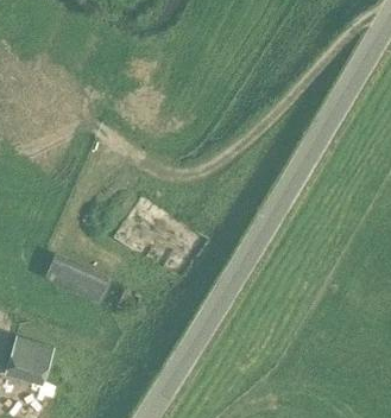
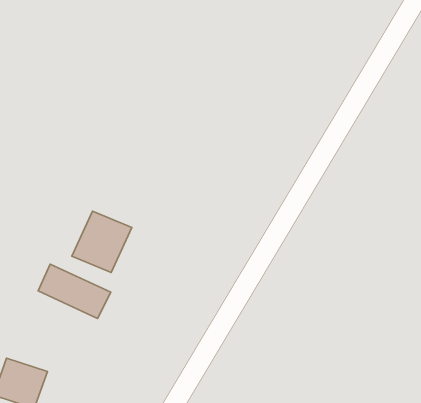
building: none -> [72,211,132,273]

